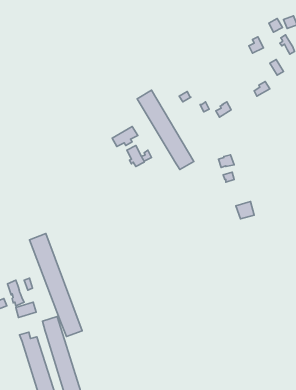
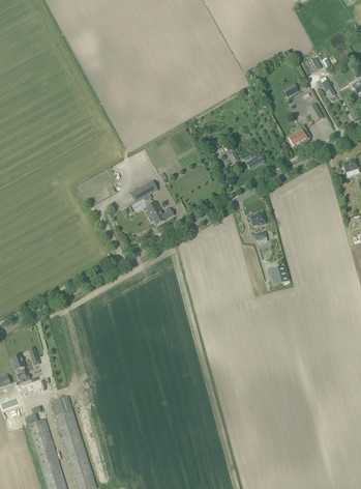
building: [137,90,194,170] -> none
building: [29,233,82,337] -> none

